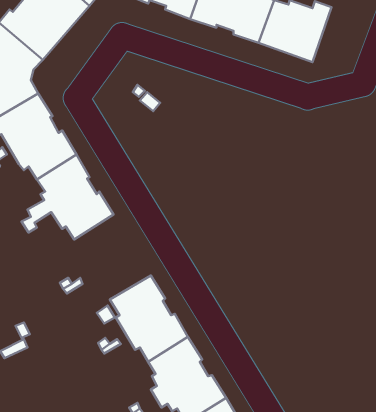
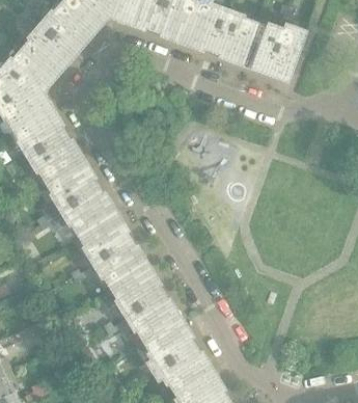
building: none -> [80,212,146,286]

